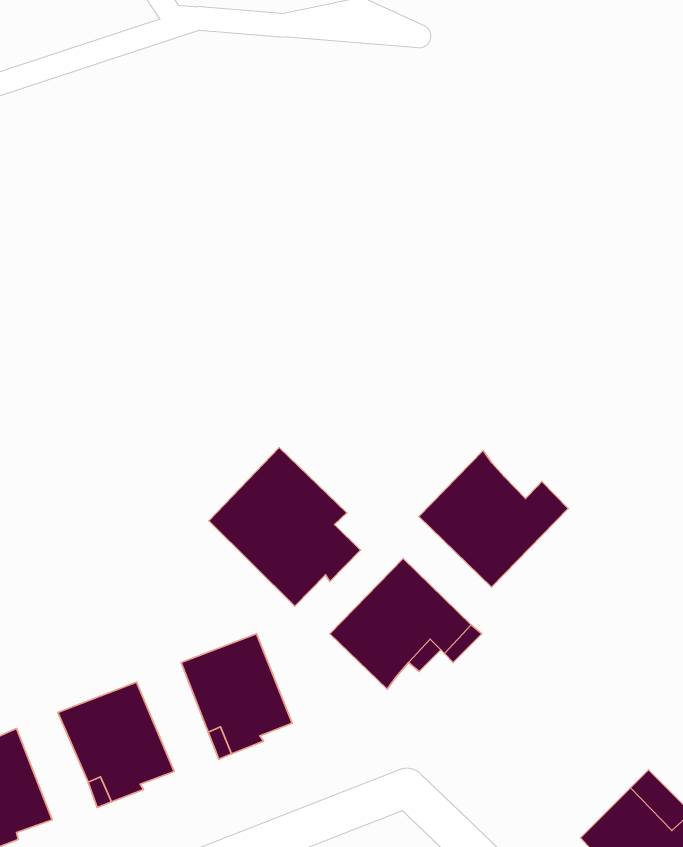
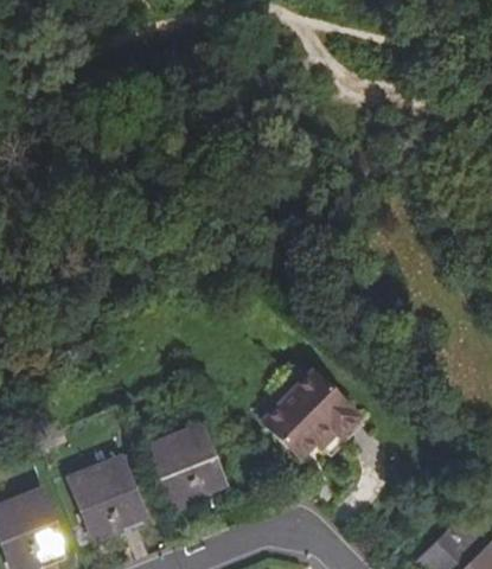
building: [209,447,360,606] -> none
building: [419,451,568,587] -> none

